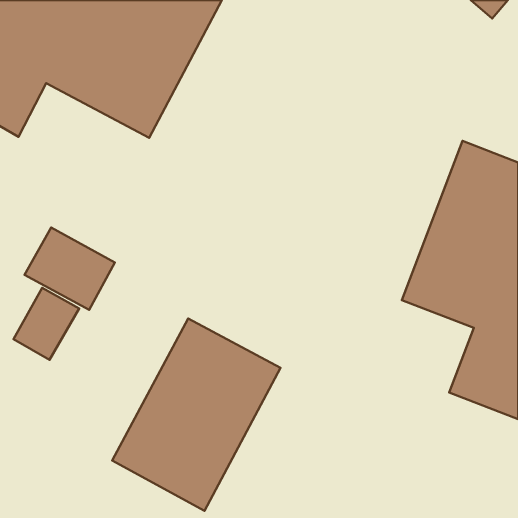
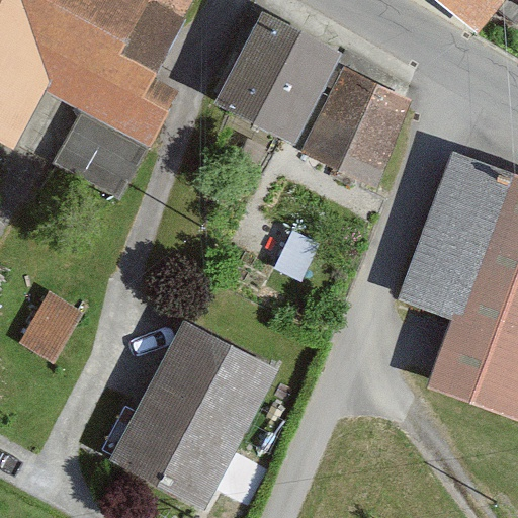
building: none -> [222,11,410,179]
building: [24,228,115,310] -> [47,114,136,195]

